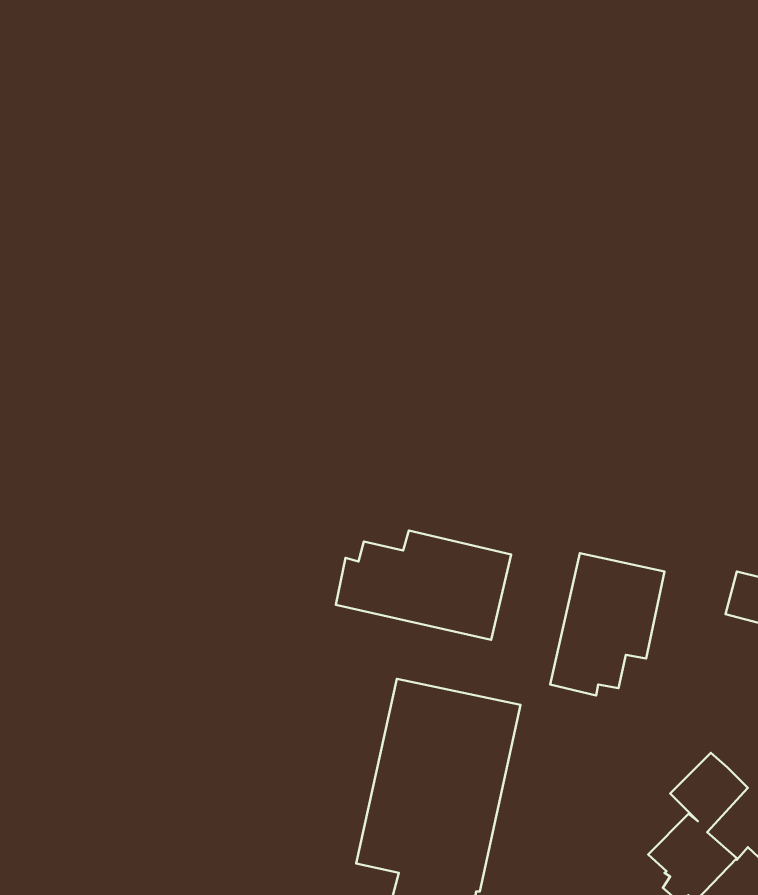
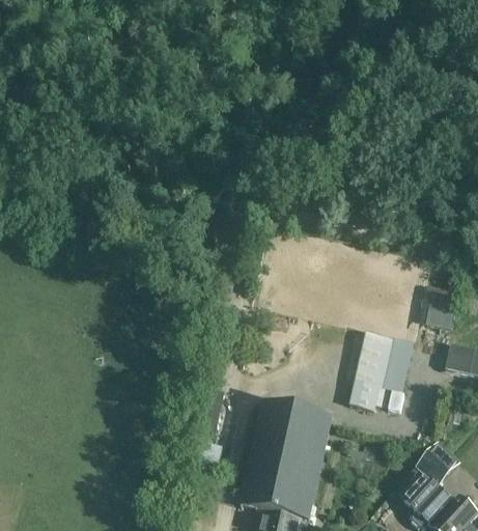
building: none -> [429,295,453,326]
building: [336,530,511,640] -> none

